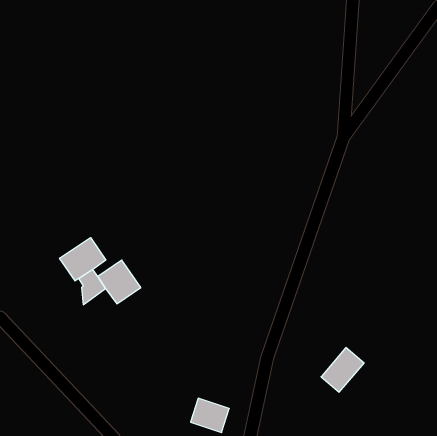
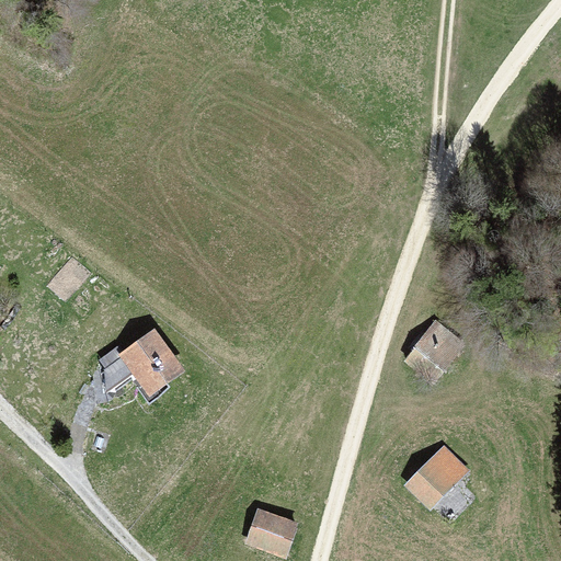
building: [60,238,106,281] -> none
building: none -> [404,316,463,377]

